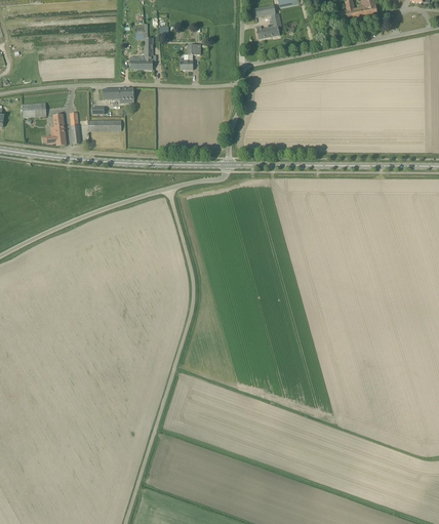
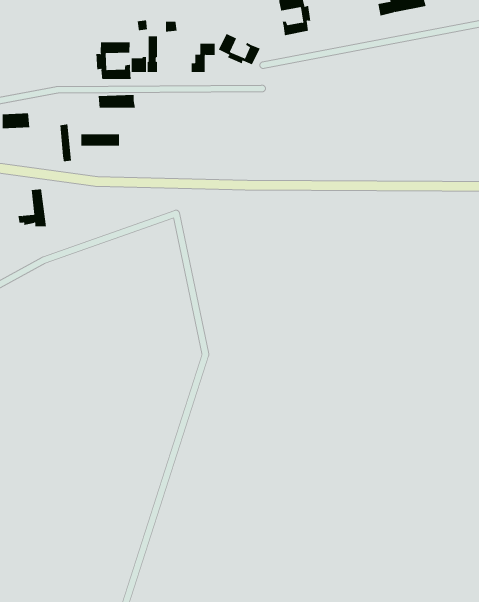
building: none -> [218,33,261,65]
building: none -> [96,41,131,80]
building: [41,113,66,145] -> [17,189,47,227]

